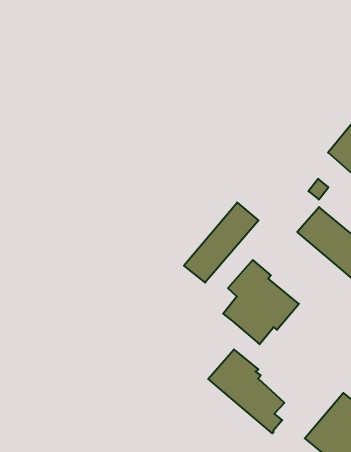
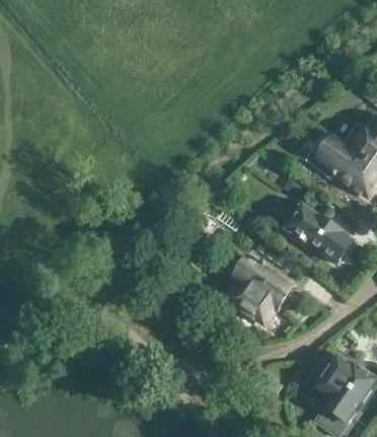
building: [184,202,259,283] -> none
building: [208,349,284,433] -> none

